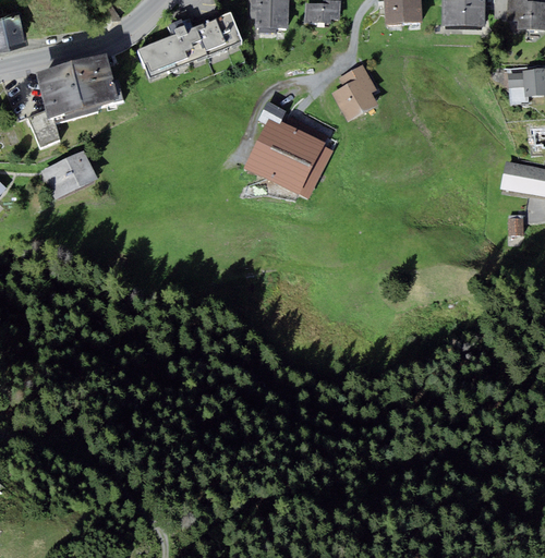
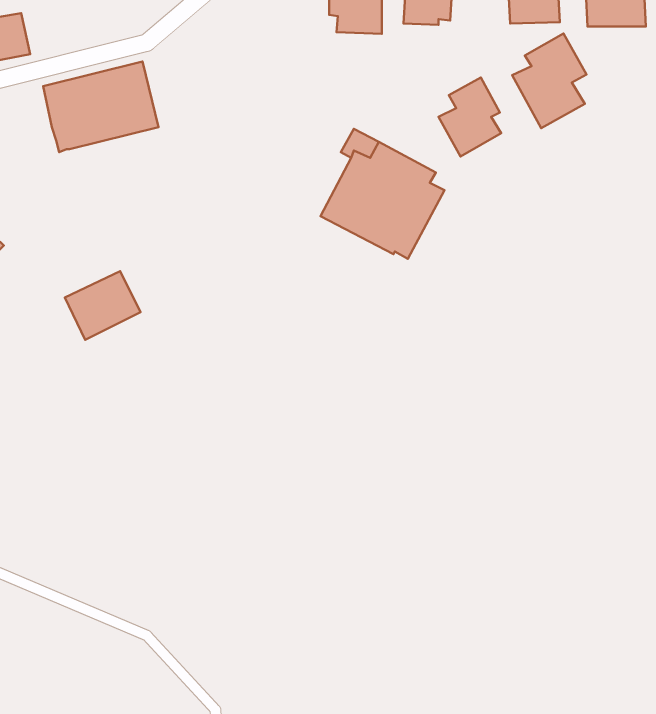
building: [138,10,243,78] -> none
building: none -> [512,34,586,128]
building: [25,110,60,147] -> none
building: [41,149,98,201] -> [65,271,141,340]

